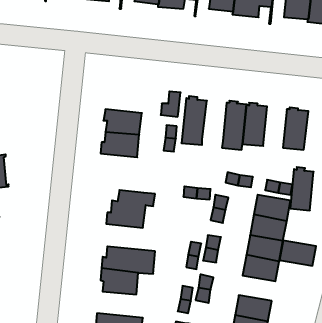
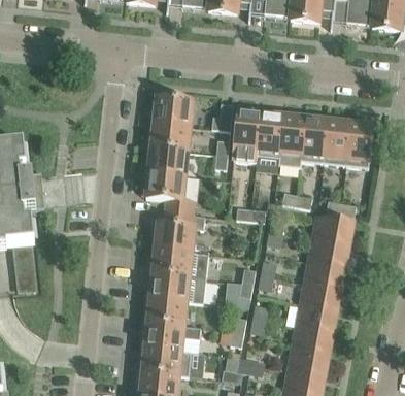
building: none -> [150,96,193,126]
building: none -> [257,110,283,157]
building: none -> [143,170,194,213]
building: [290,167,314,210] -> [324,117,349,164]
building: none -> [150,248,208,277]
building: [279,240,316,266] -> [297,304,337,332]
building: none -> [141,322,201,352]

